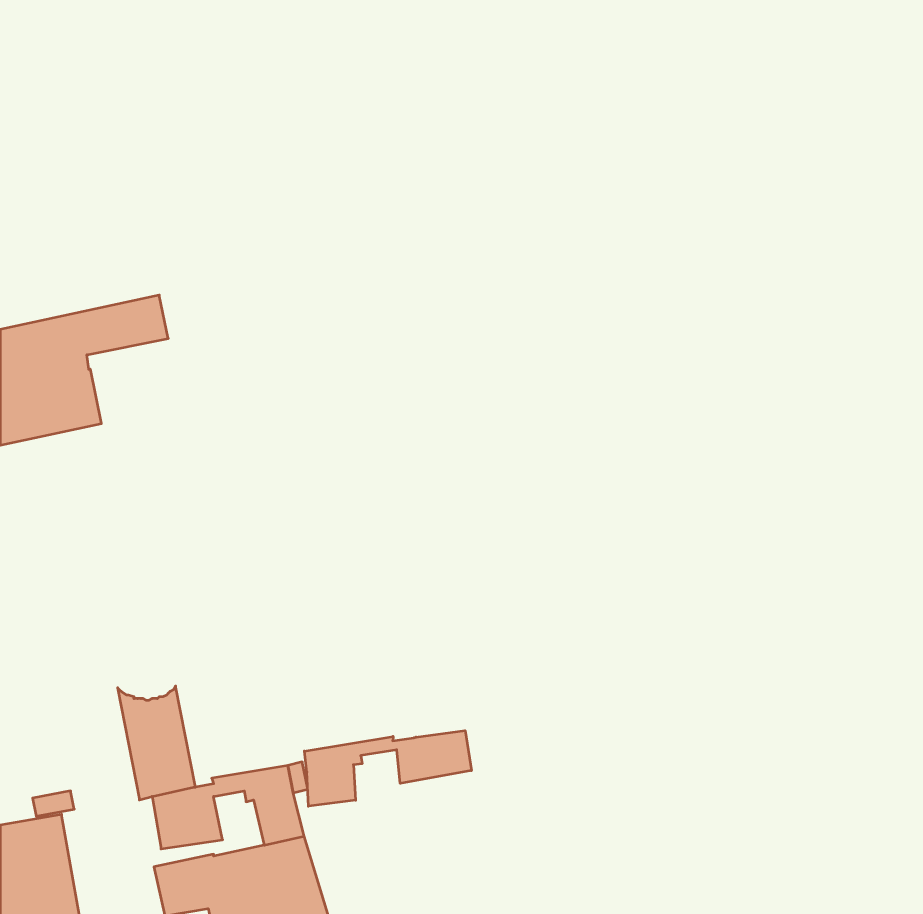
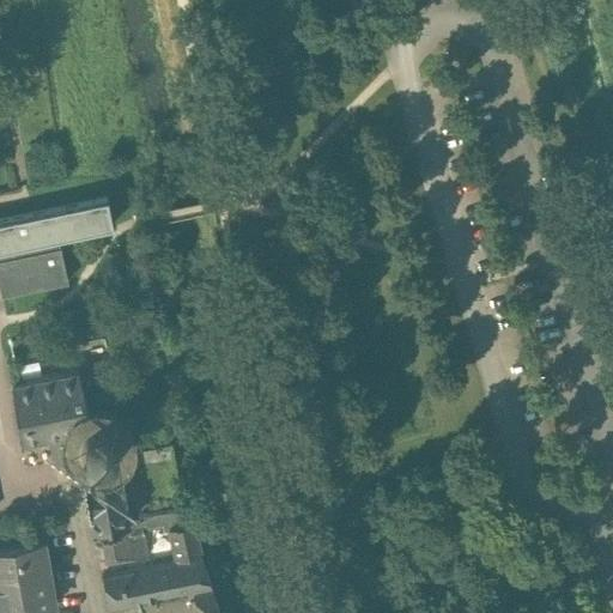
building: none -> [13,375,125,471]
building: [304,731,471,806] -> none

